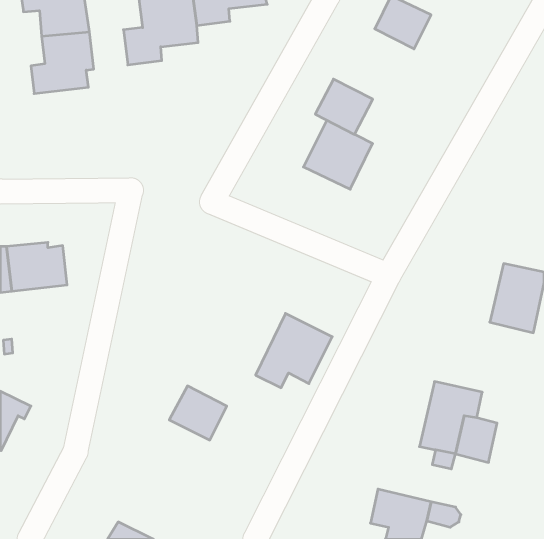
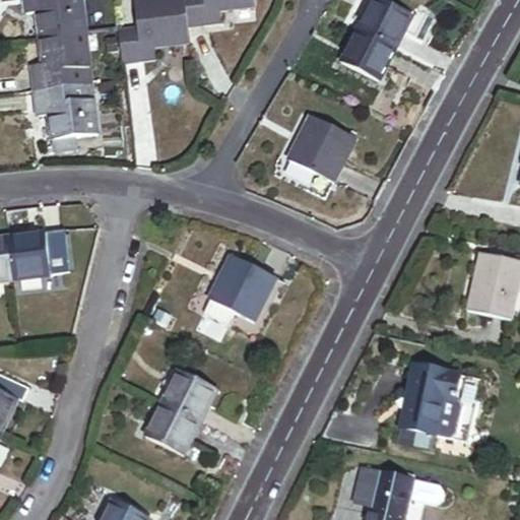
building: [315,79,373,134] -> [340,27,395,80]
building: none -> [32,83,98,151]
building: [256,313,332,388] -> [203,254,276,325]
building: none -> [144,401,200,454]

